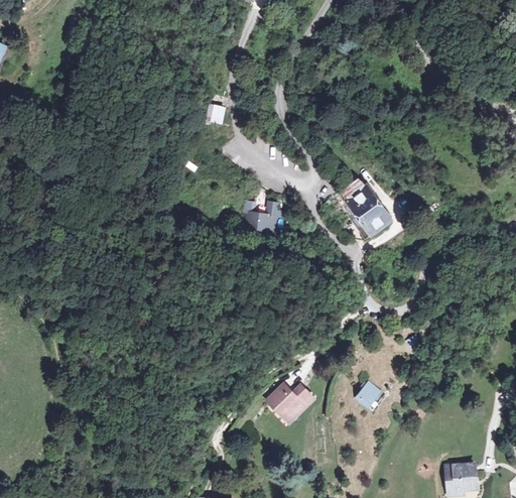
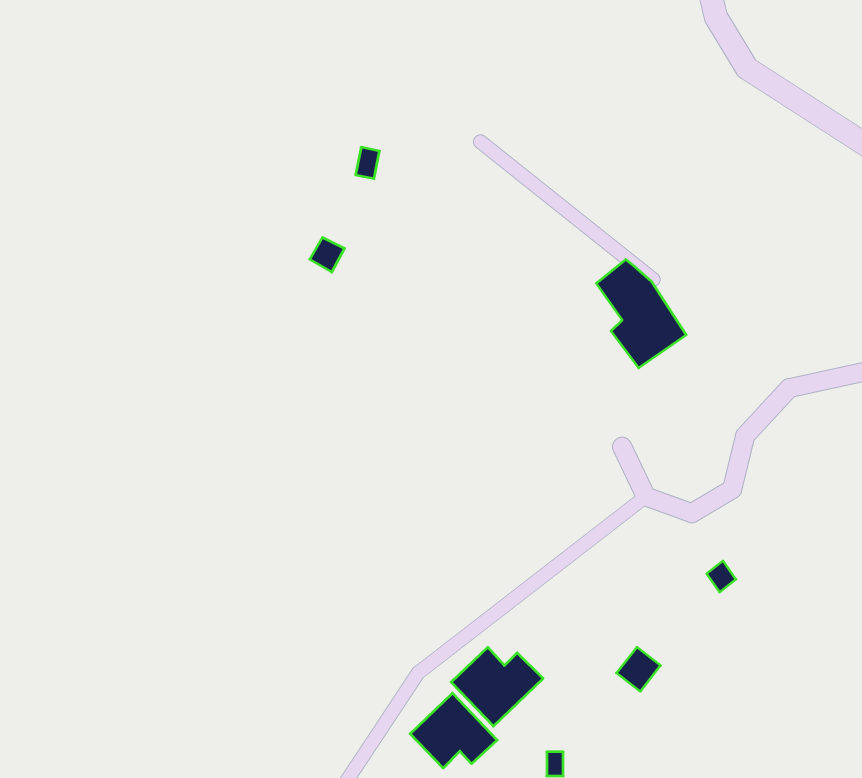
building: [247,199,277,231] -> none
building: none -> [410,693,497,768]

